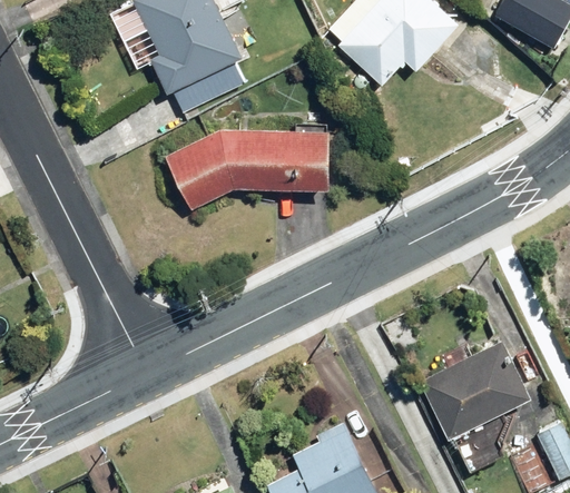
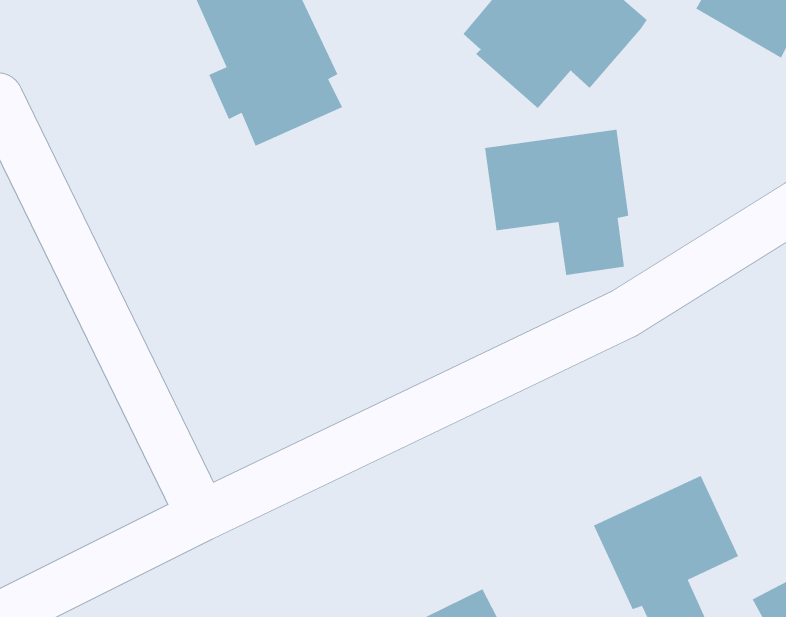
building: none -> [484,129,629,276]
building: [165,128,330,210] -> none

